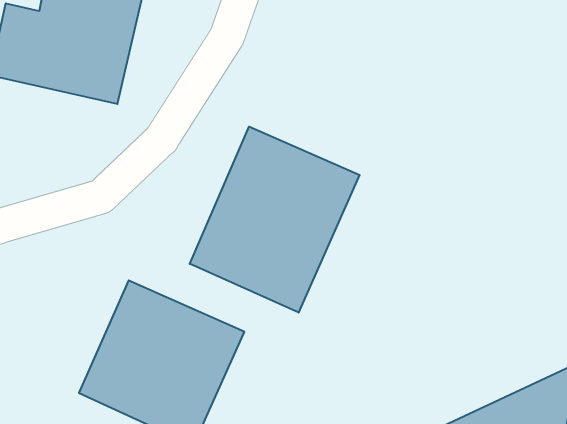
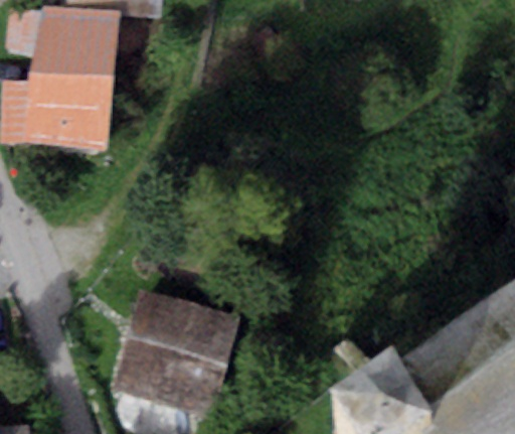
building: [190,127,360,313] -> none

